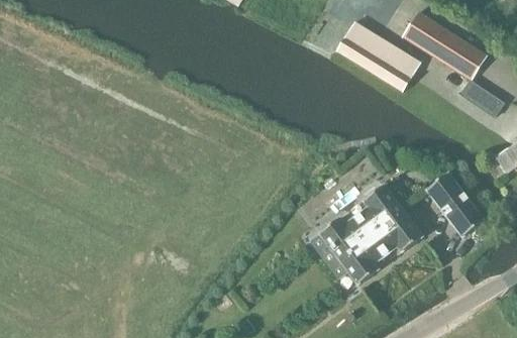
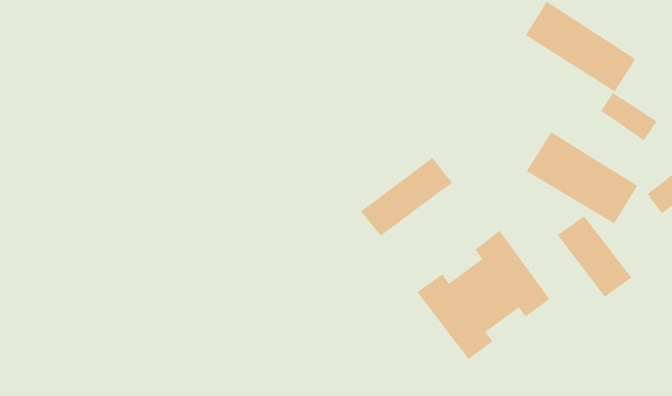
building: [335,20,421,91] -> [526,132,638,224]
building: none -> [360,157,453,237]

